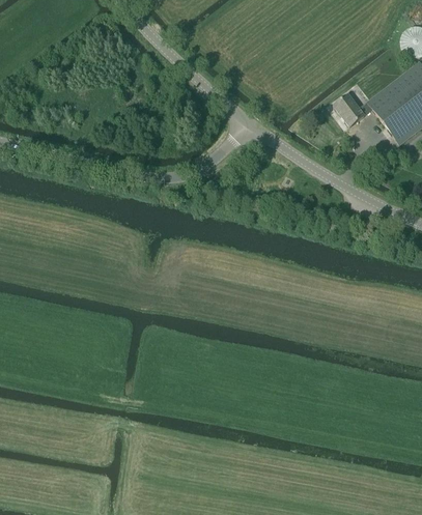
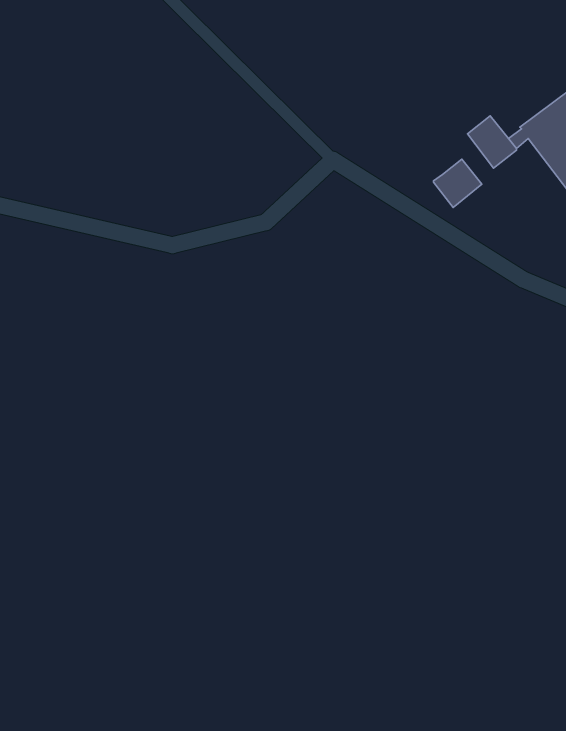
building: none -> [433,159,482,208]

